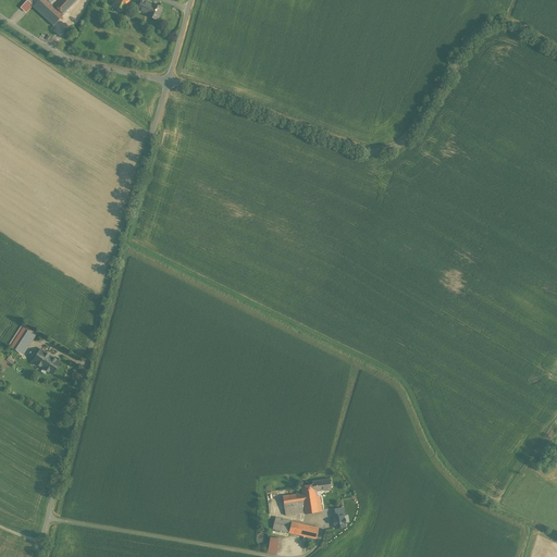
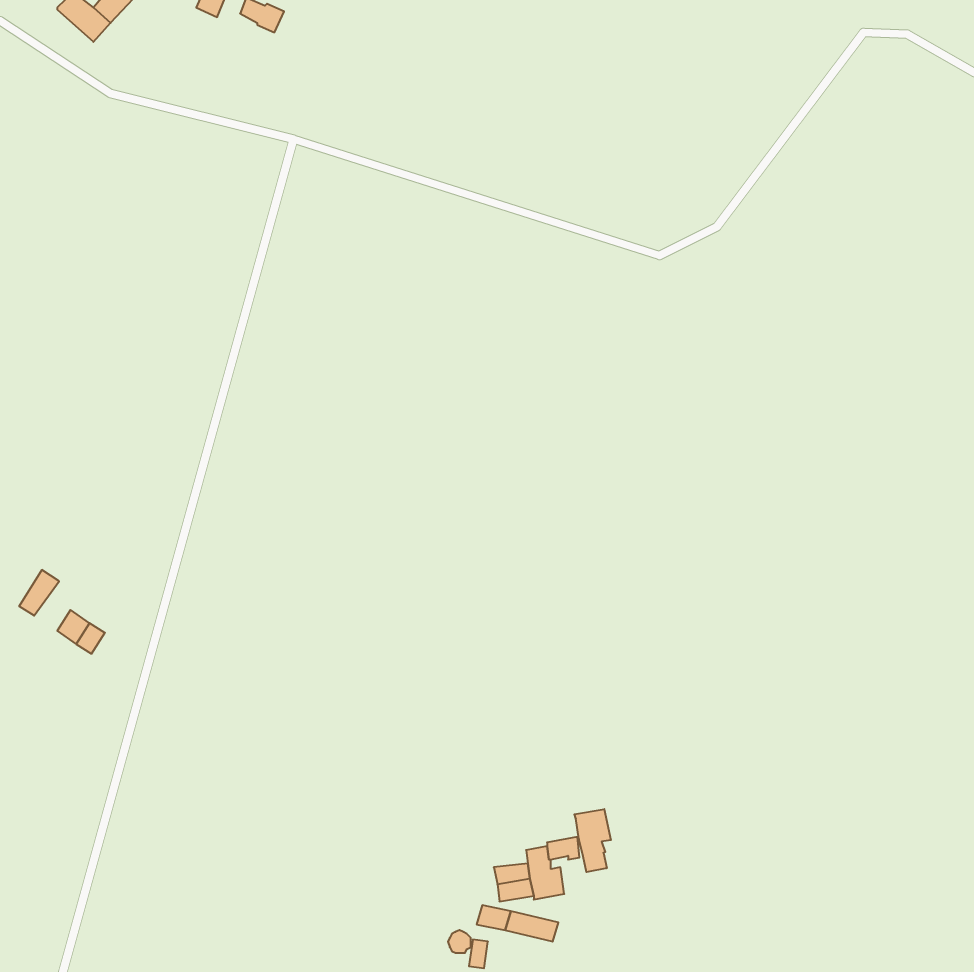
building: none -> [574,809,611,872]

